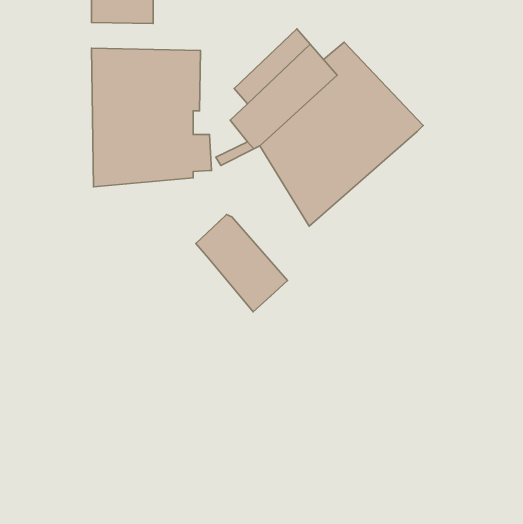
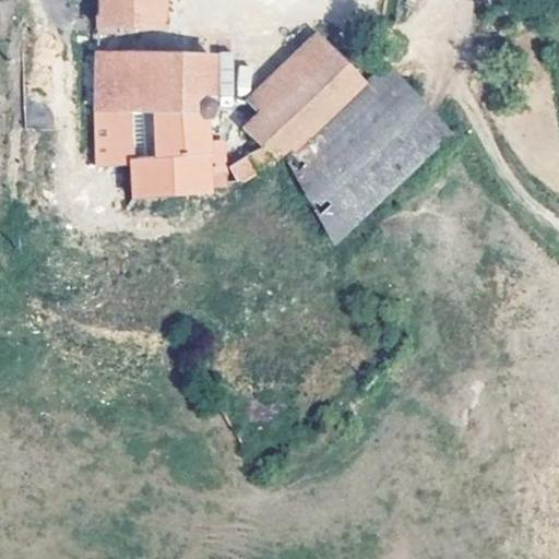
building: [196,214,287,312] -> none

